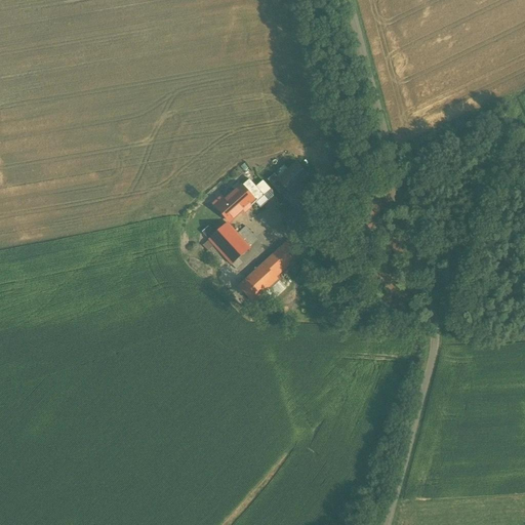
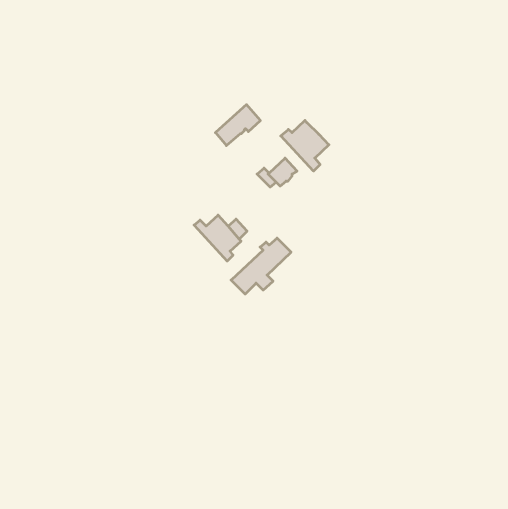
building: none -> [281,120,329,171]
building: [214,177,260,219] -> [215,105,260,146]

